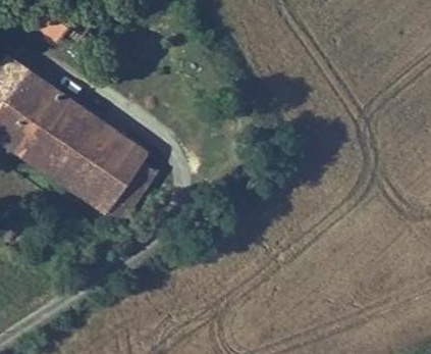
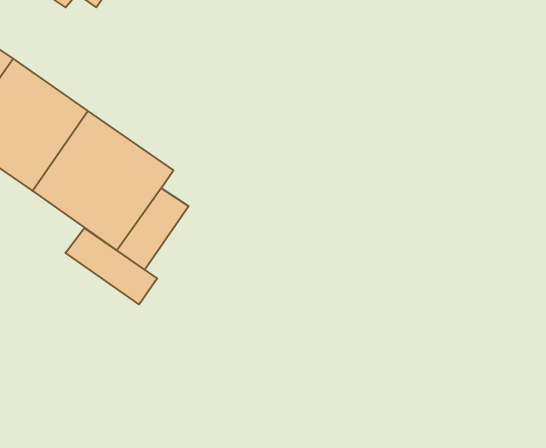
building: none -> [65,228,157,304]

